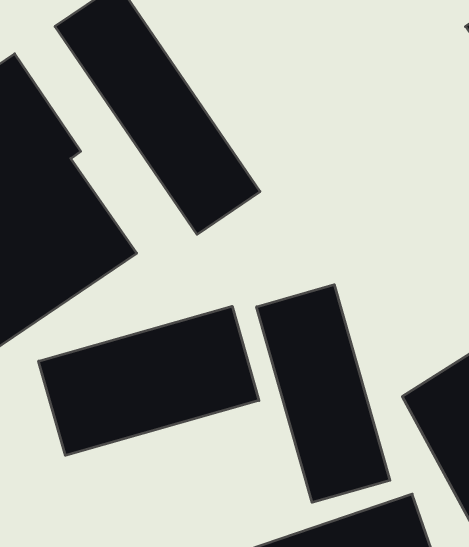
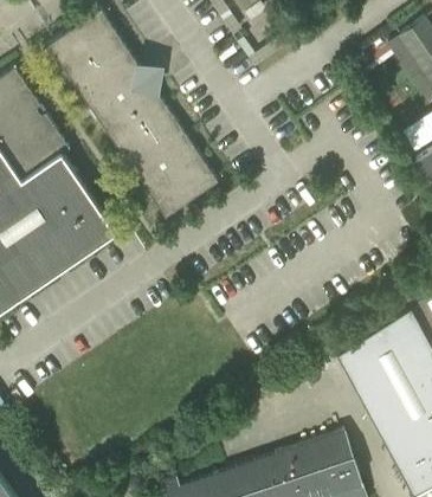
building: [257,285,390,502] -> none
building: [39,306,259,455] -> none

